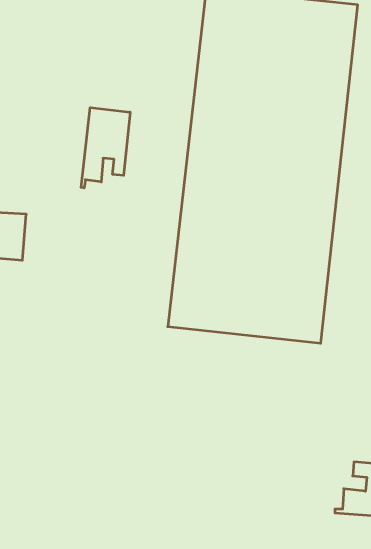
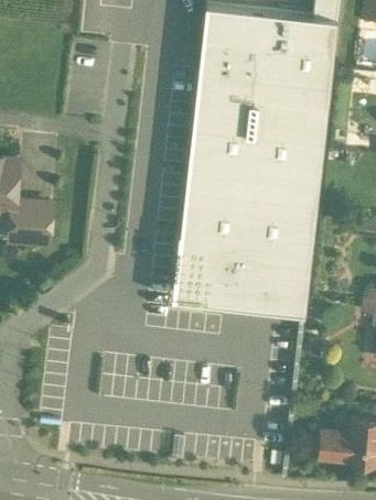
building: [81,108,130,188] -> none

